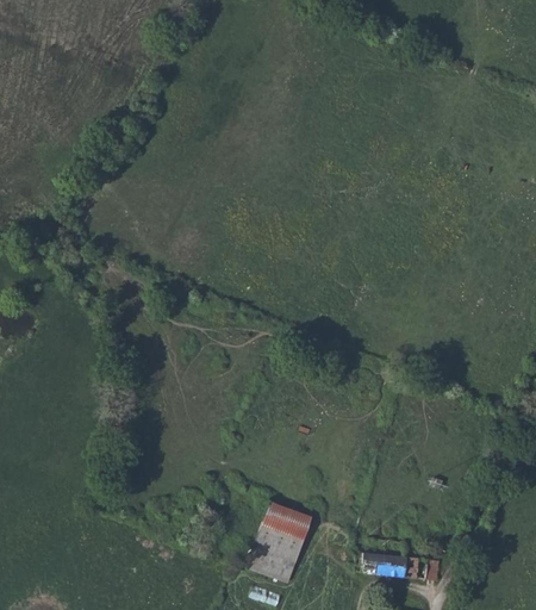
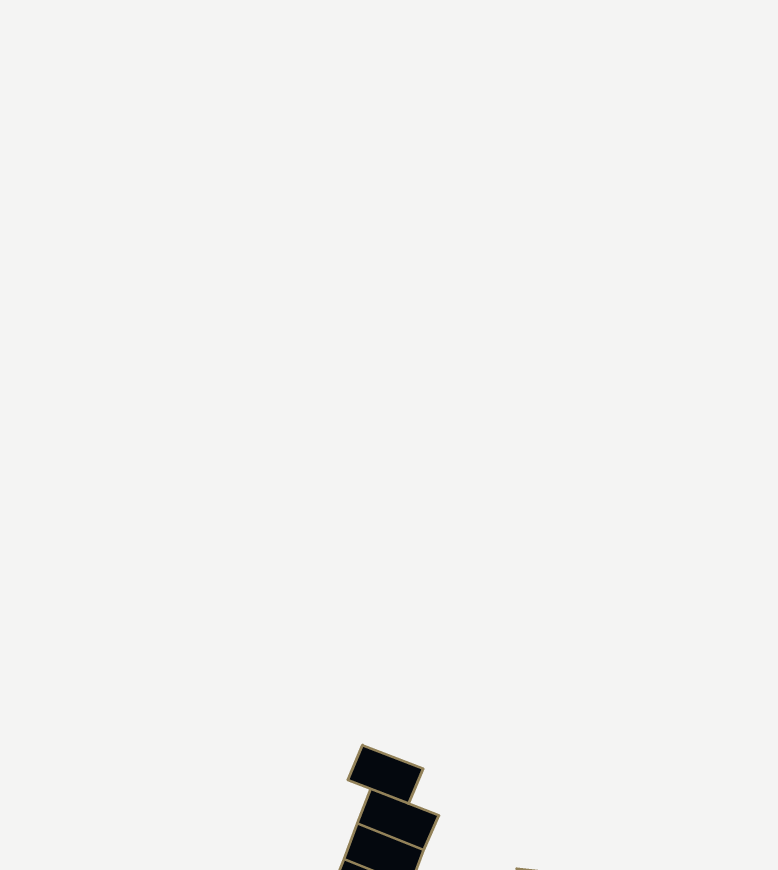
building: none -> [348,745,423,804]

